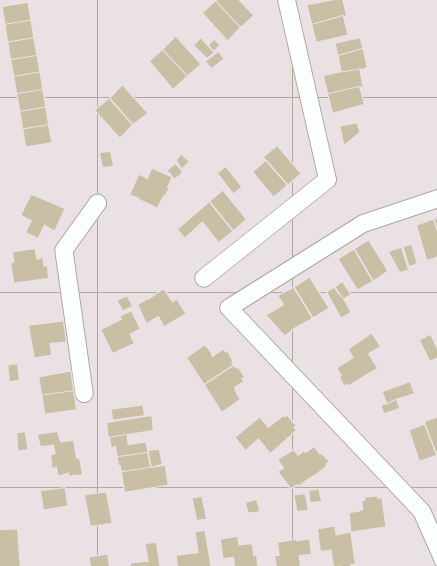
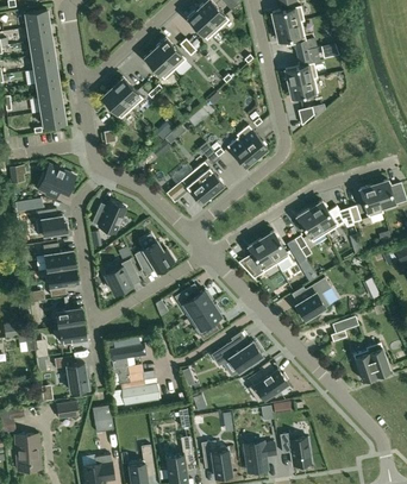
building: [130,168,172,208] -> [92,201,126,233]
building: none -> [43,243,75,270]
building: [349,496,386,532] -> none

